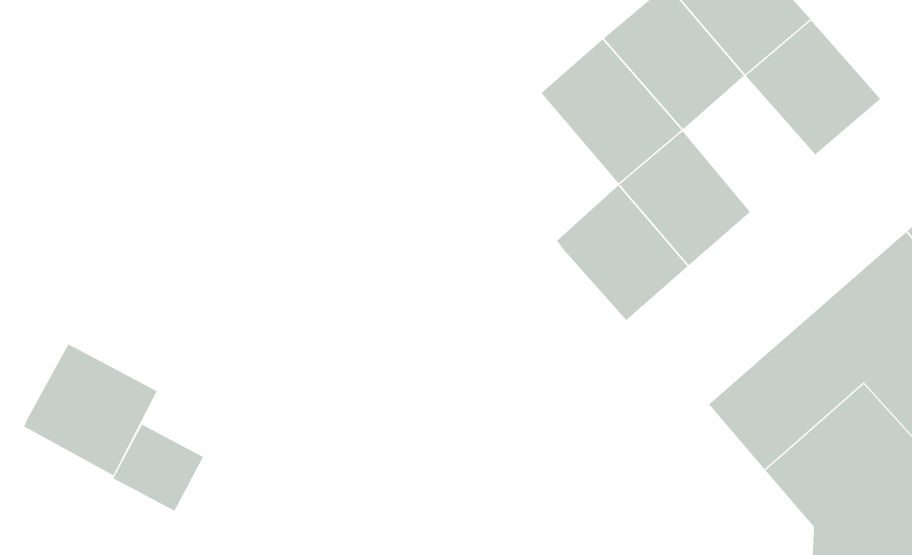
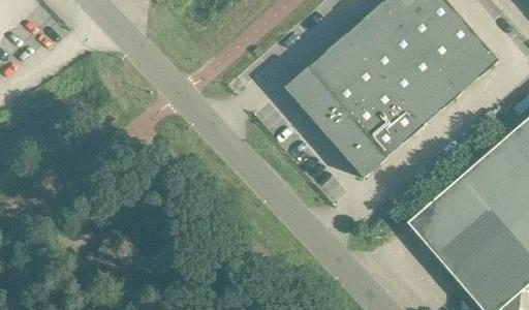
building: none -> [394,47,464,119]
building: none -> [284,56,360,134]
building: [24,344,157,476] -> none

